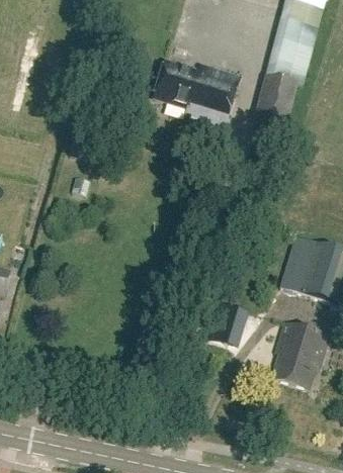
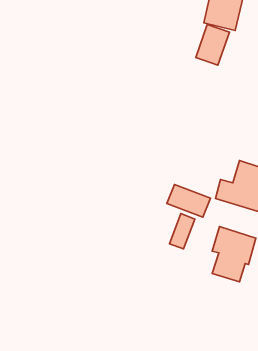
building: [154,61,242,125] -> none
building: none -> [167,185,211,217]

